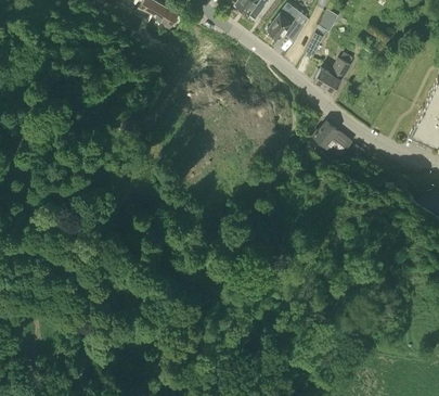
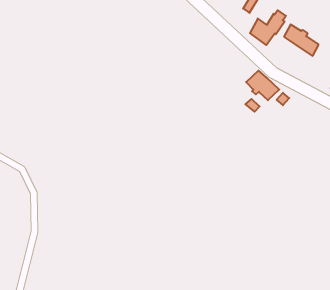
building: none -> [284,24,318,56]

